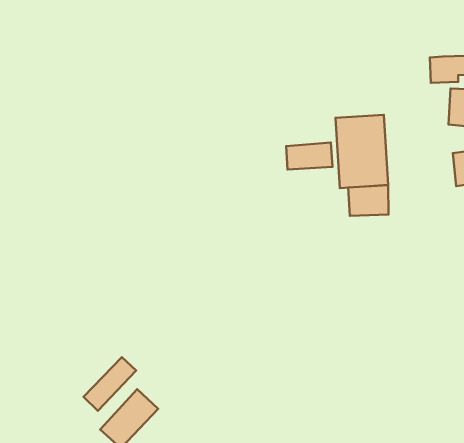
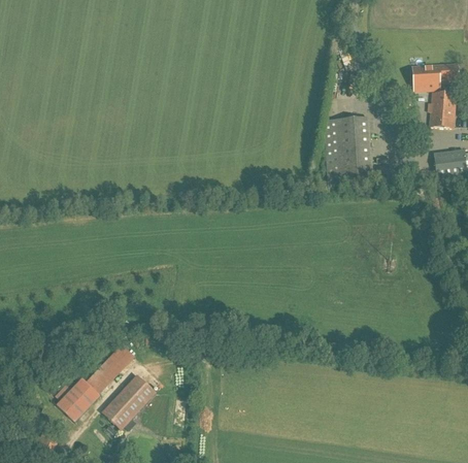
building: [286,143,333,170] -> none
building: [348,185,389,216] -> none
building: none -> [59,379,100,421]

